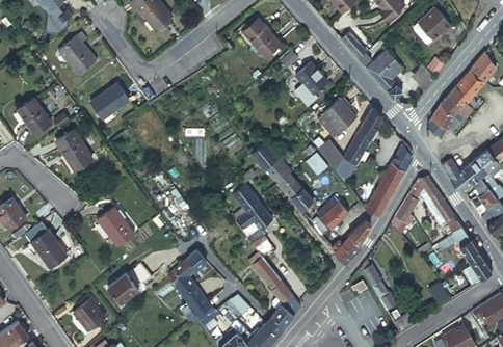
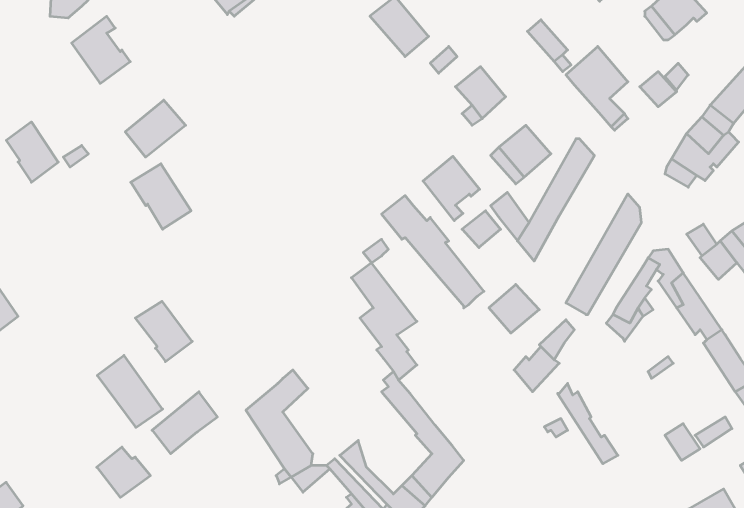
building: none -> [423,156,480,221]
building: [55,129,92,169] -> [131,164,191,229]
building: [26,221,67,266] -> [97,355,163,427]

